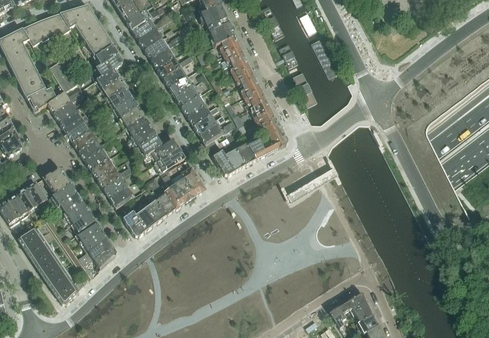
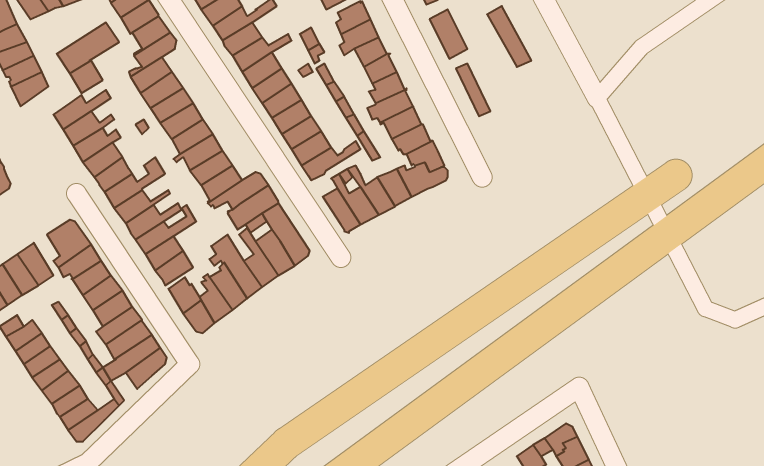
building: [27,87,57,111] -> none

